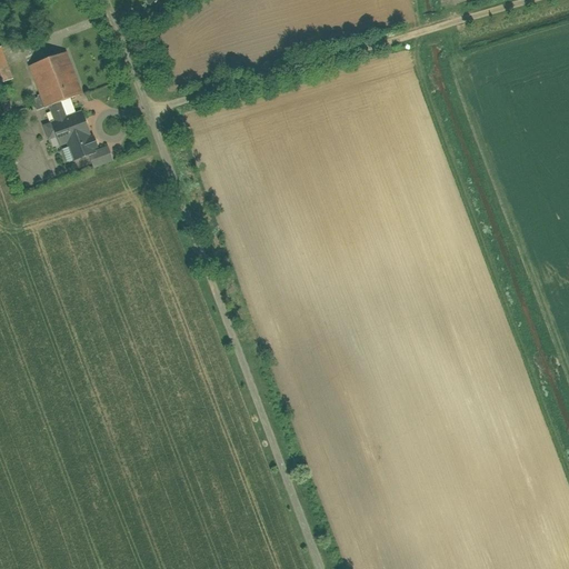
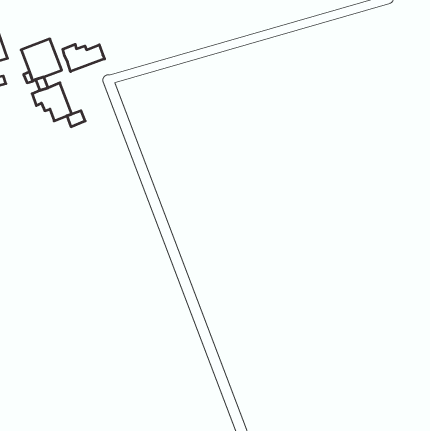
building: none -> [63,44,105,72]

